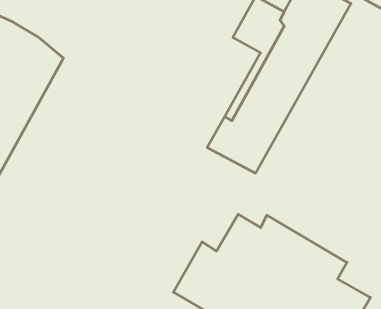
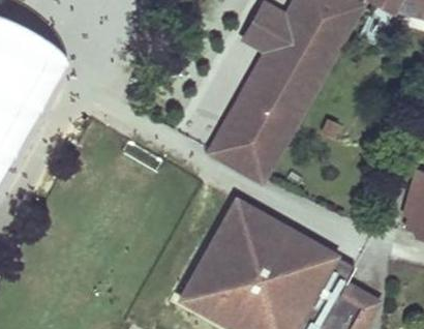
building: none -> [209,198,274,256]

